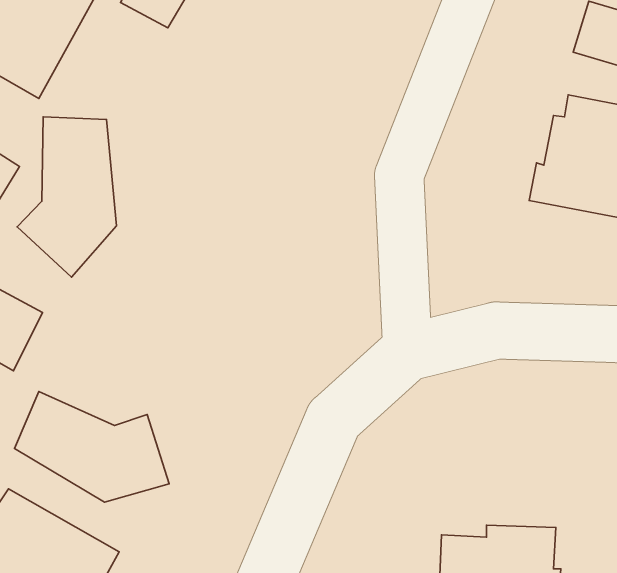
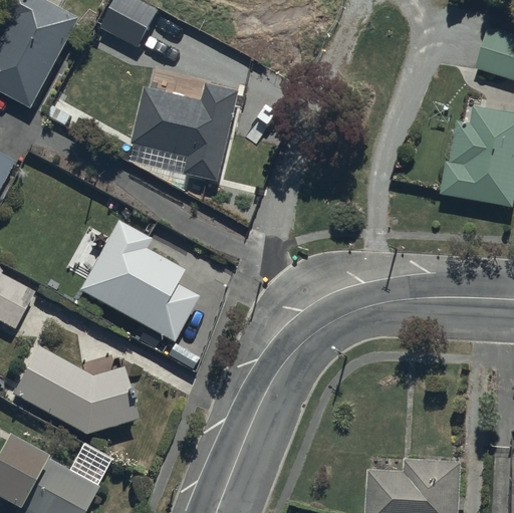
building: none -> [138,81,239,178]
building: [17,117,117,277] -> none
building: none -> [81,225,196,337]

